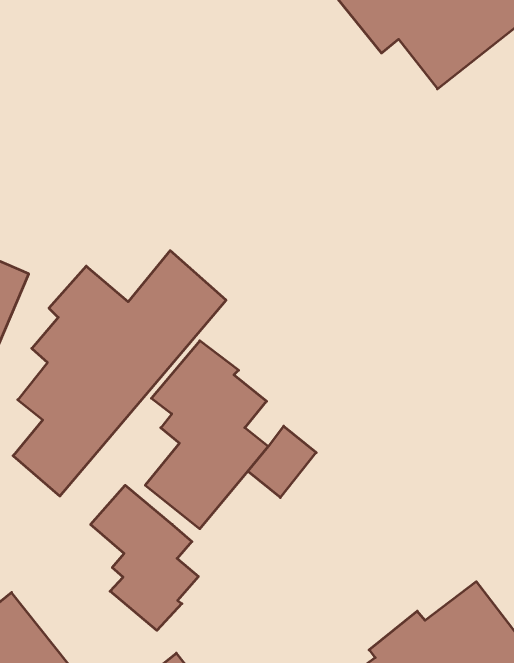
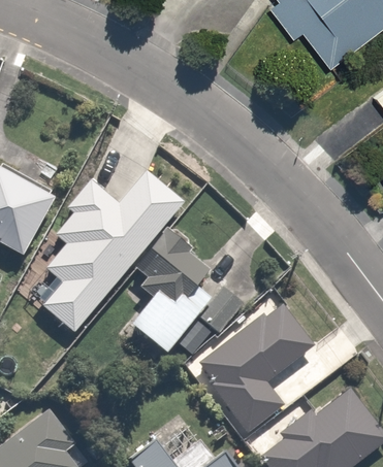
building: none -> [199,306,316,435]
building: [91,485,198,630] -> none

